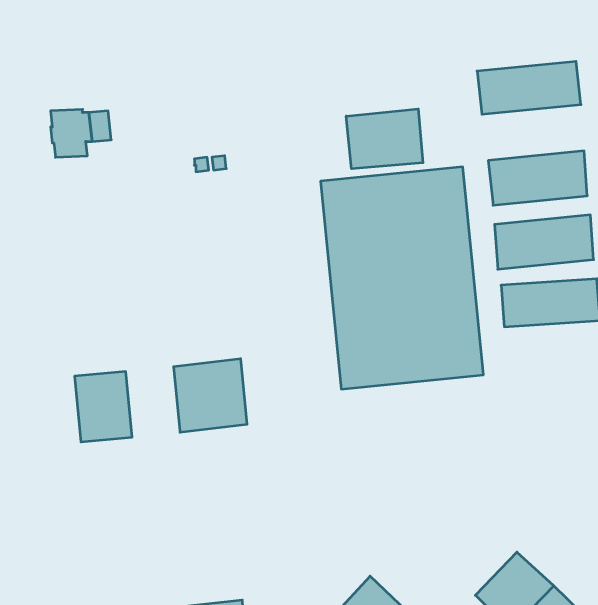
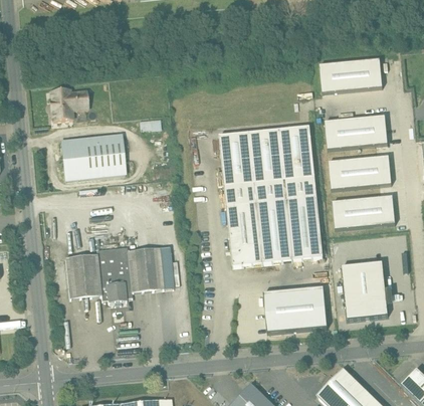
building: [346,109,423,169] -> none
building: none -> [61,134,126,180]
building: none -> [97,246,133,302]
building: none -> [342,261,388,320]
building: none -> [265,286,328,331]

